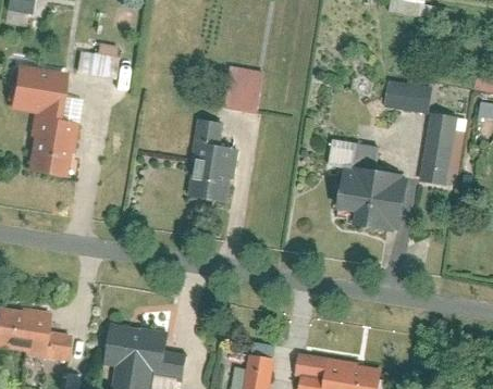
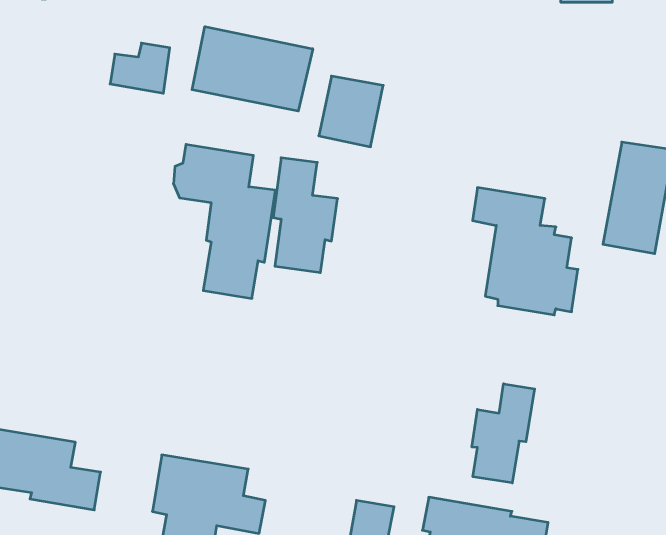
building: none -> [192,27,313,111]
building: [9,67,79,174] -> [173,144,275,298]
building: [386,77,435,109] -> none
building: none -> [472,384,535,483]

